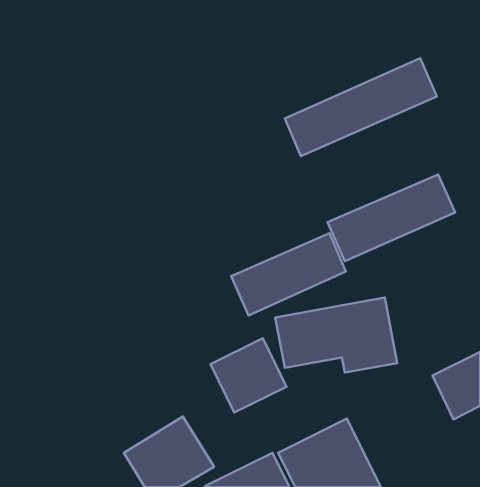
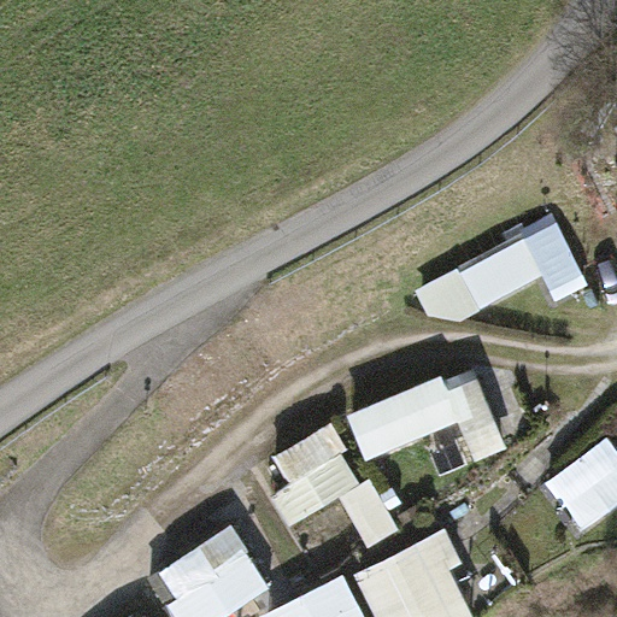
building: [285,58,437,156] -> none
building: [231,233,346,315] -> none

